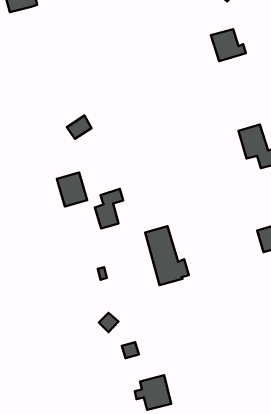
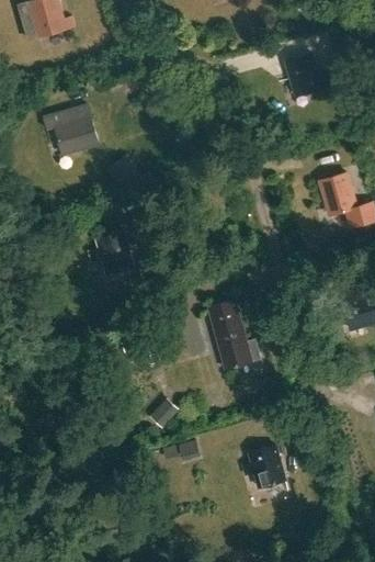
building: none -> [54,112,99,151]
building: [95,189,123,229] -> none
building: [135,375,171,410] -> [240,445,285,487]

